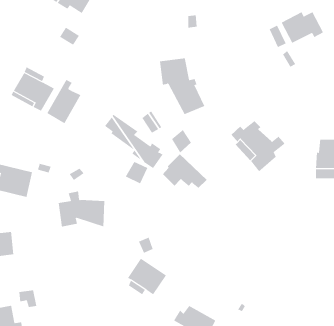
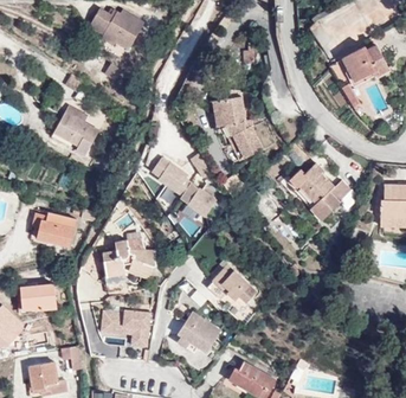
building: [47,79,81,124] -> none
building: [162,153,207,189] -> [210,264,258,302]
building: none -> [101,309,150,347]

